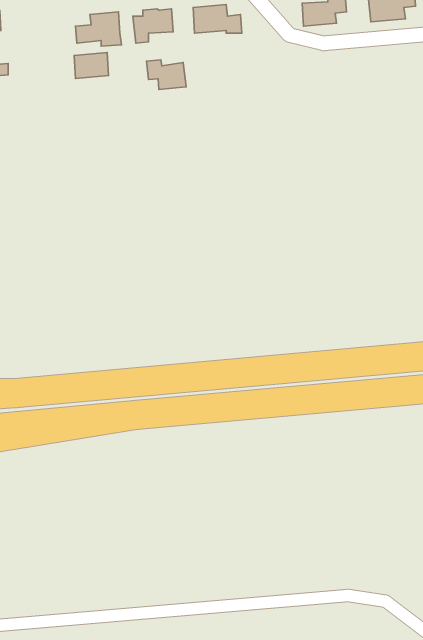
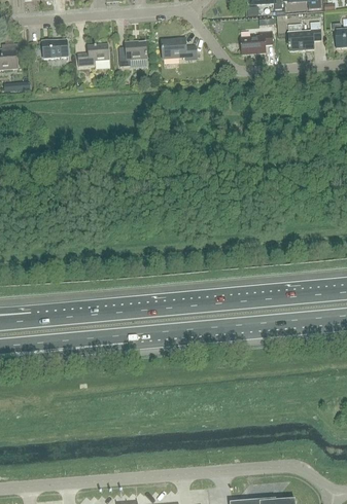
building: [74,53,109,78] -> [42,38,67,57]
building: [146,60,186,90] -> none

